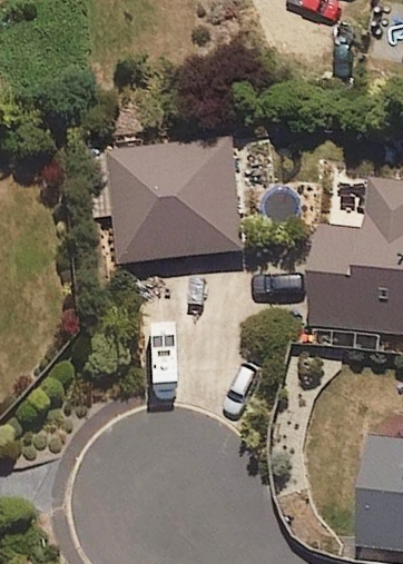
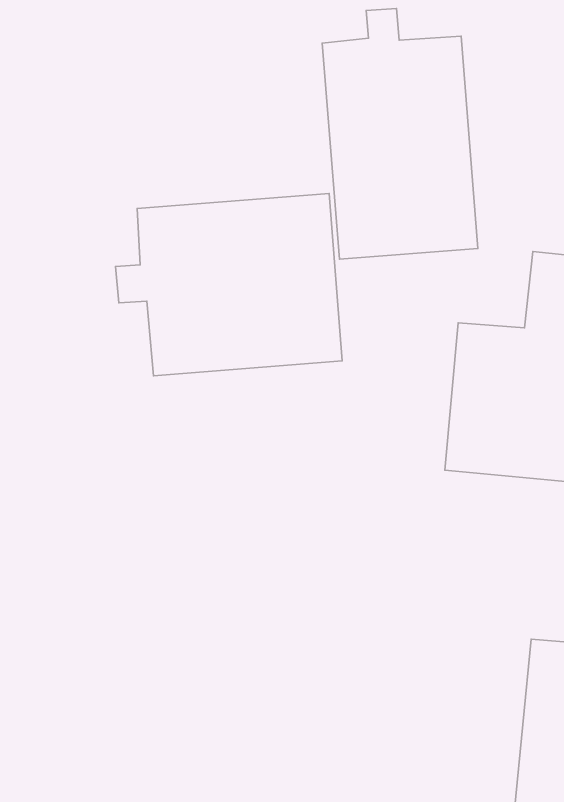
building: none -> [322,9,478,259]

